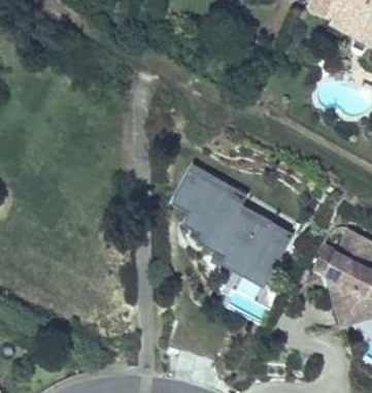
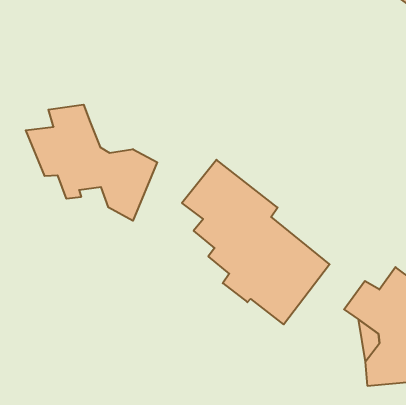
building: none -> [26,105,157,221]

